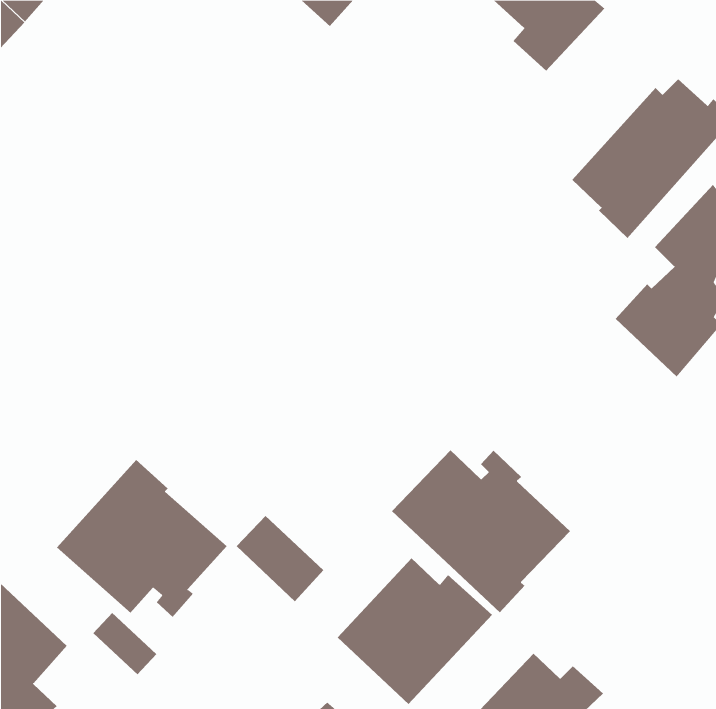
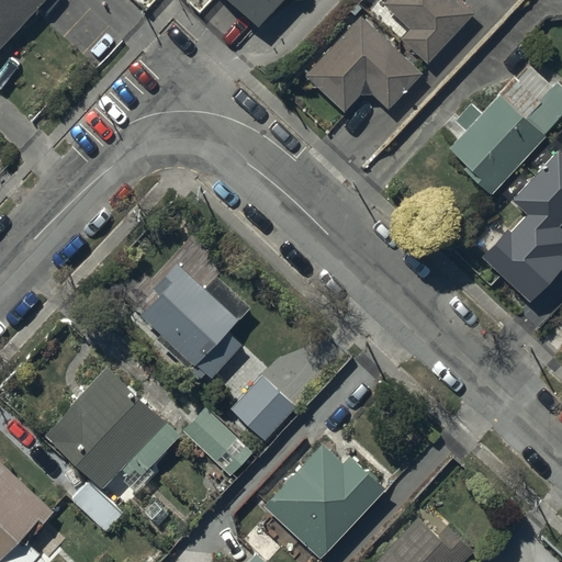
building: none -> [305,16,422,112]
building: none -> [140,249,243,380]
building: [391,450,571,613] -> none
building: none -> [233,375,296,439]

